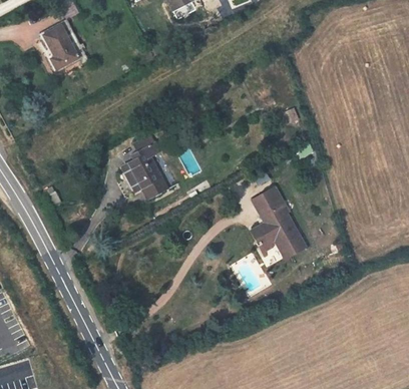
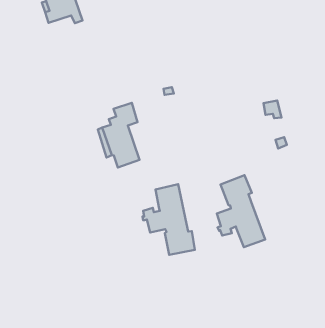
building: none -> [143,184,195,255]

